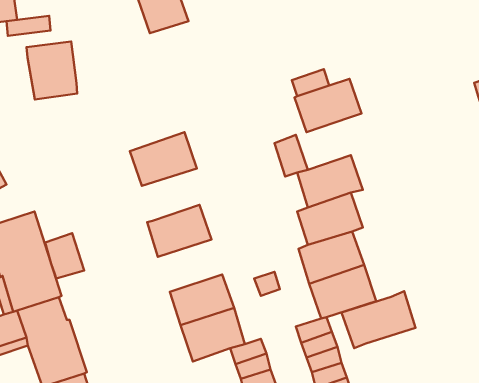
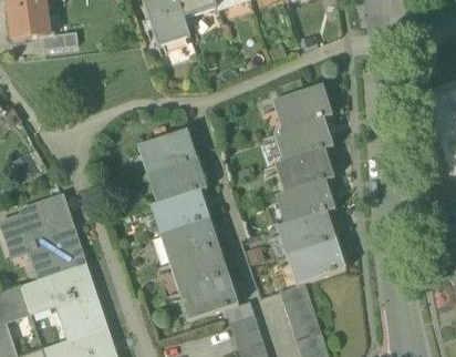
building: [27,42,77,100] -> none
building: none -> [279,116,333,160]
building: none -> [152,159,206,202]
building: [45,233,84,279] -> none
building: none -> [165,217,218,261]
building: [342,291,415,348] -> none

